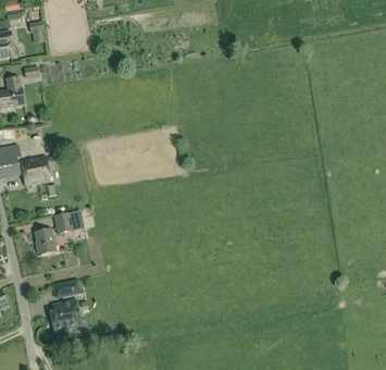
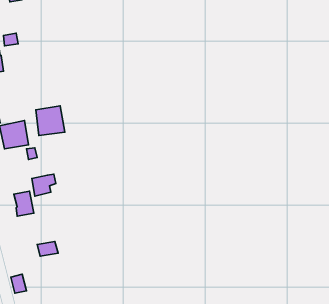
building: none -> [36,106,65,136]
building: [50,299,79,331] -> none

